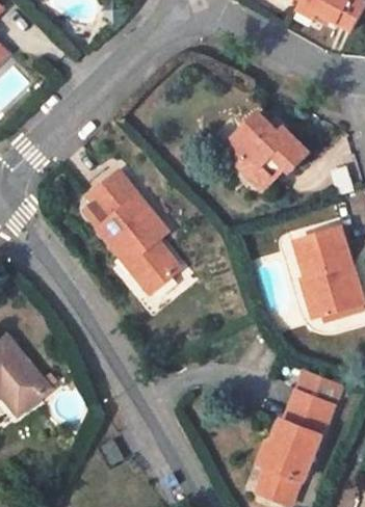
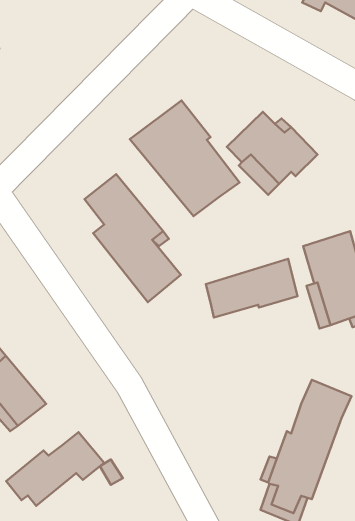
building: none -> [130,101,240,216]
building: none -> [206,259,298,318]
building: none -> [6,432,104,506]

